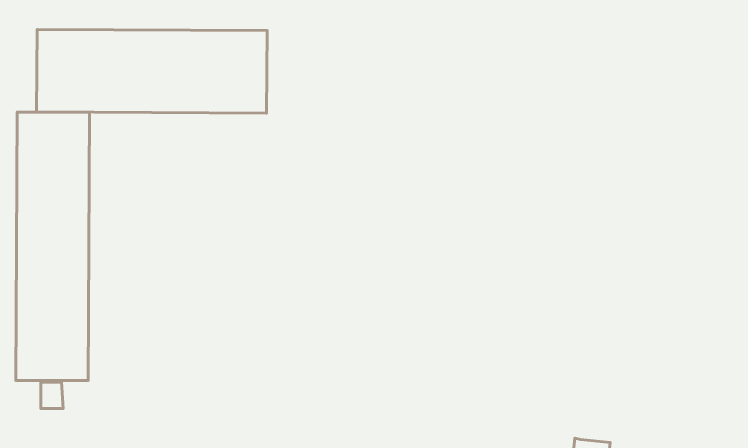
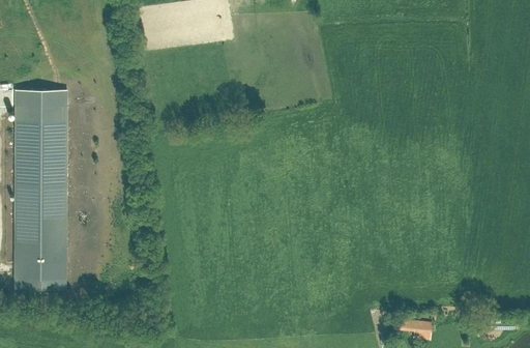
building: [37,29,267,113] -> none

